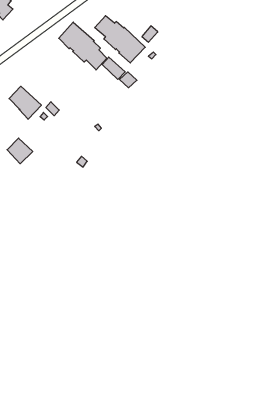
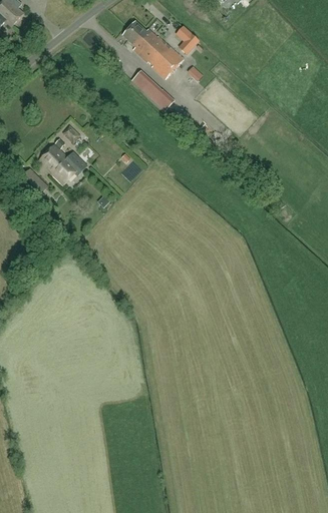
building: [59,22,107,70] -> none
building: [9,86,41,119] -> [40,144,79,184]

